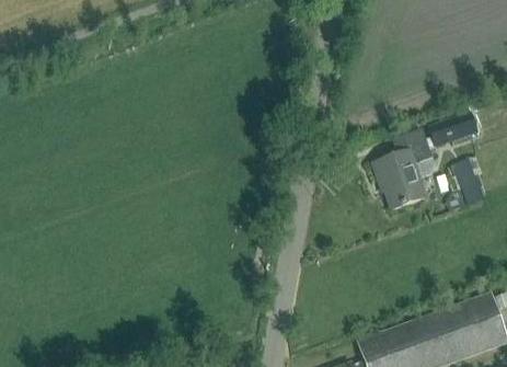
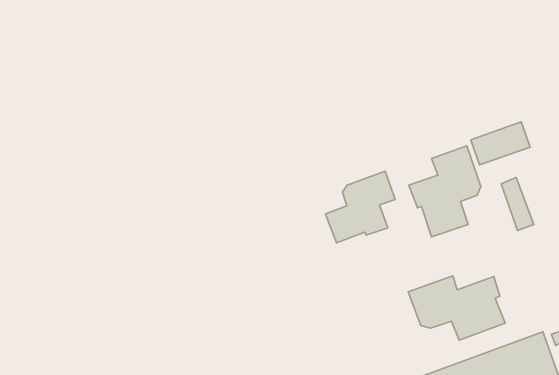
building: none -> [326,171,395,243]
building: none -> [408,276,505,340]

